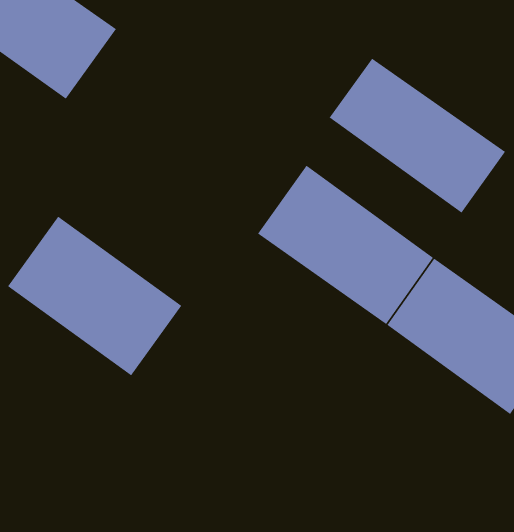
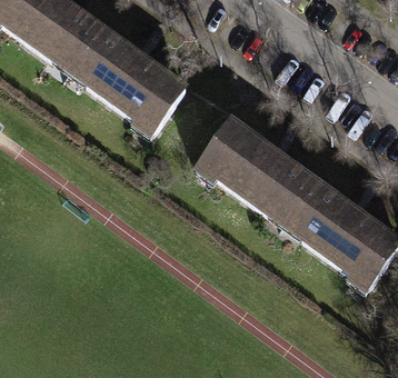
building: [329,58,506,213] -> none
building: [7,216,182,376] -> [67,24,186,133]

